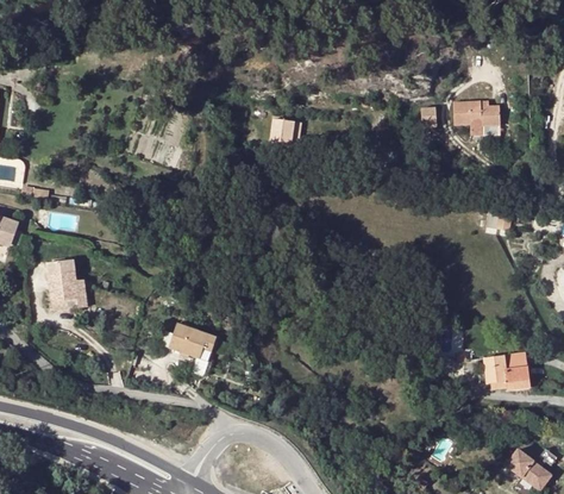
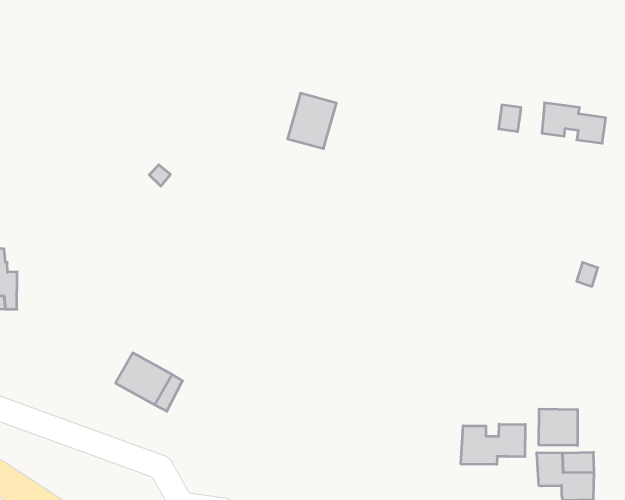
building: none -> [539,409,577,446]
building: none -> [461,424,525,464]

